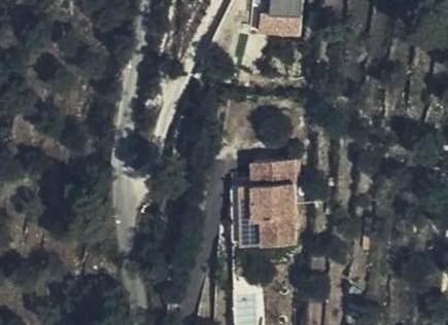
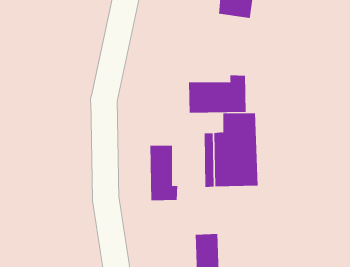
building: none -> [189,74,246,114]
building: none -> [150,145,178,201]

